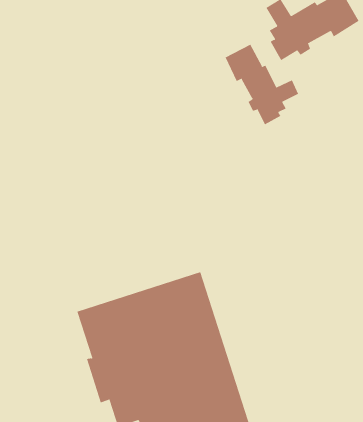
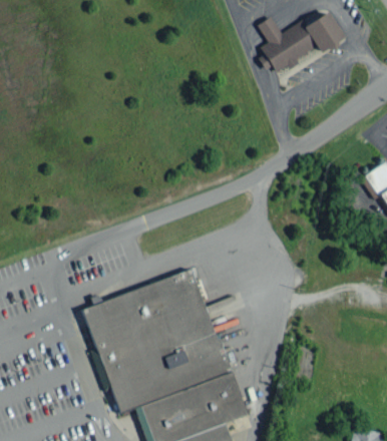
building: [225,44,299,125] -> none

